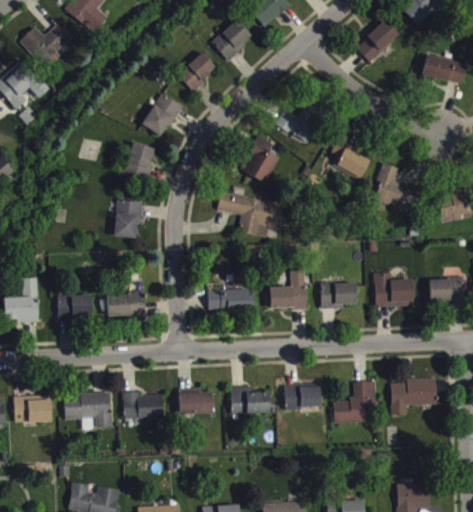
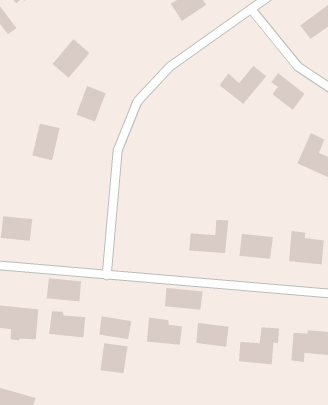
building: [178,51,217,89] -> none
building: [142,92,183,137] -> [52,38,90,79]
building: [239,133,279,182] -> none
building: [331,139,371,179] -> [270,72,305,111]
building: [218,192,283,236] -> none
building: [114,199,142,238] -> [32,123,61,161]
building: [208,288,250,310] -> [164,287,204,310]
building: [108,292,146,316] -> [46,278,82,302]
building: none -> [100,343,128,374]

